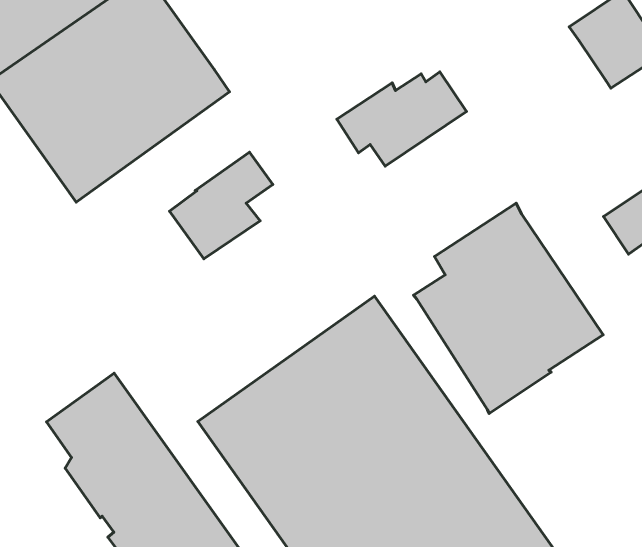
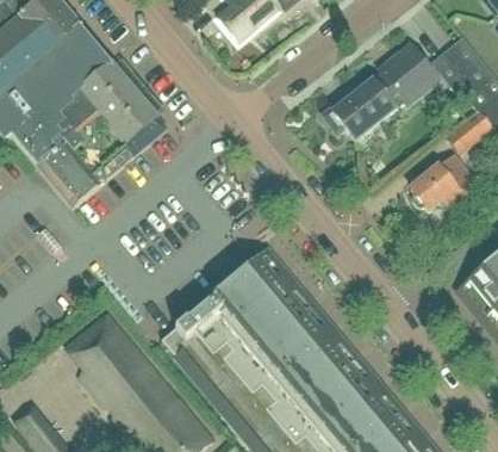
building: [337,72,466,166] -> [323,75,405,138]
building: [169,152,273,259] -> none
building: [413,203,603,413] -> none

